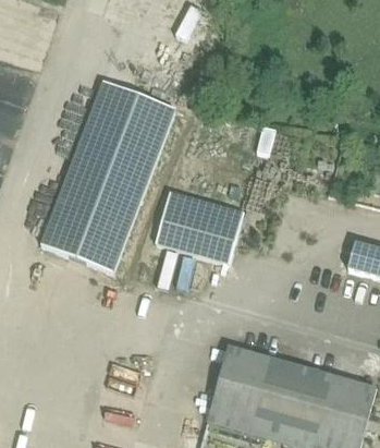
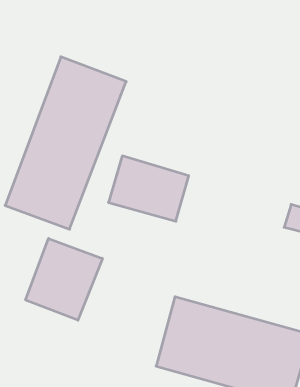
building: none -> [26,238,102,320]

